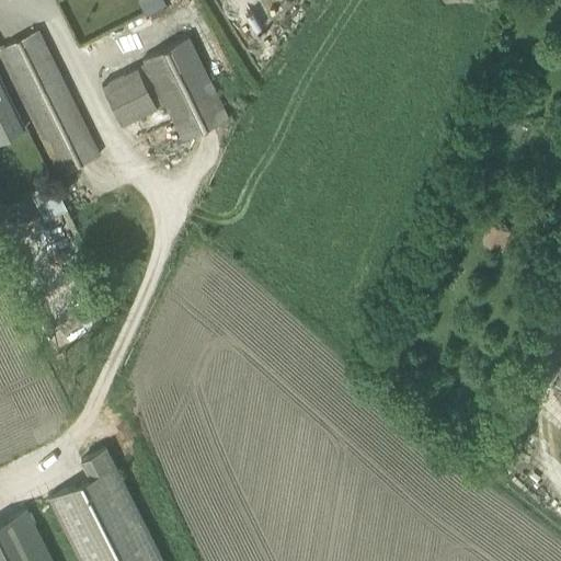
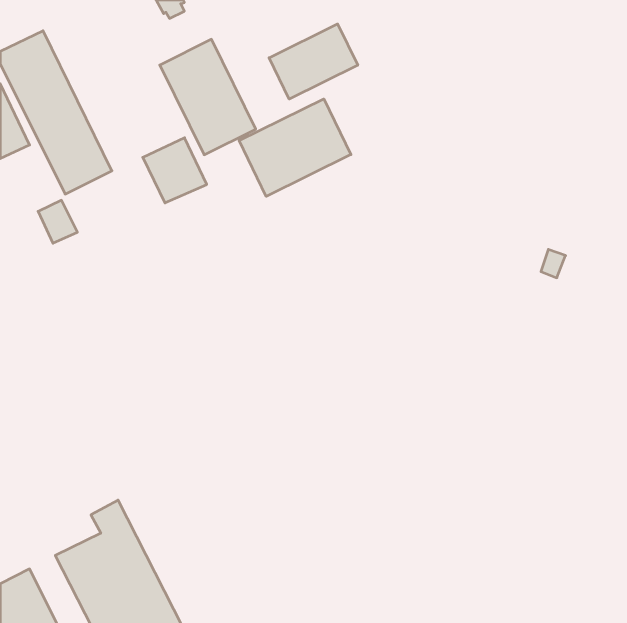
building: none -> [269,24,358,99]
building: [102,70,159,128] -> [143,138,207,203]
building: none -> [239,99,351,196]

